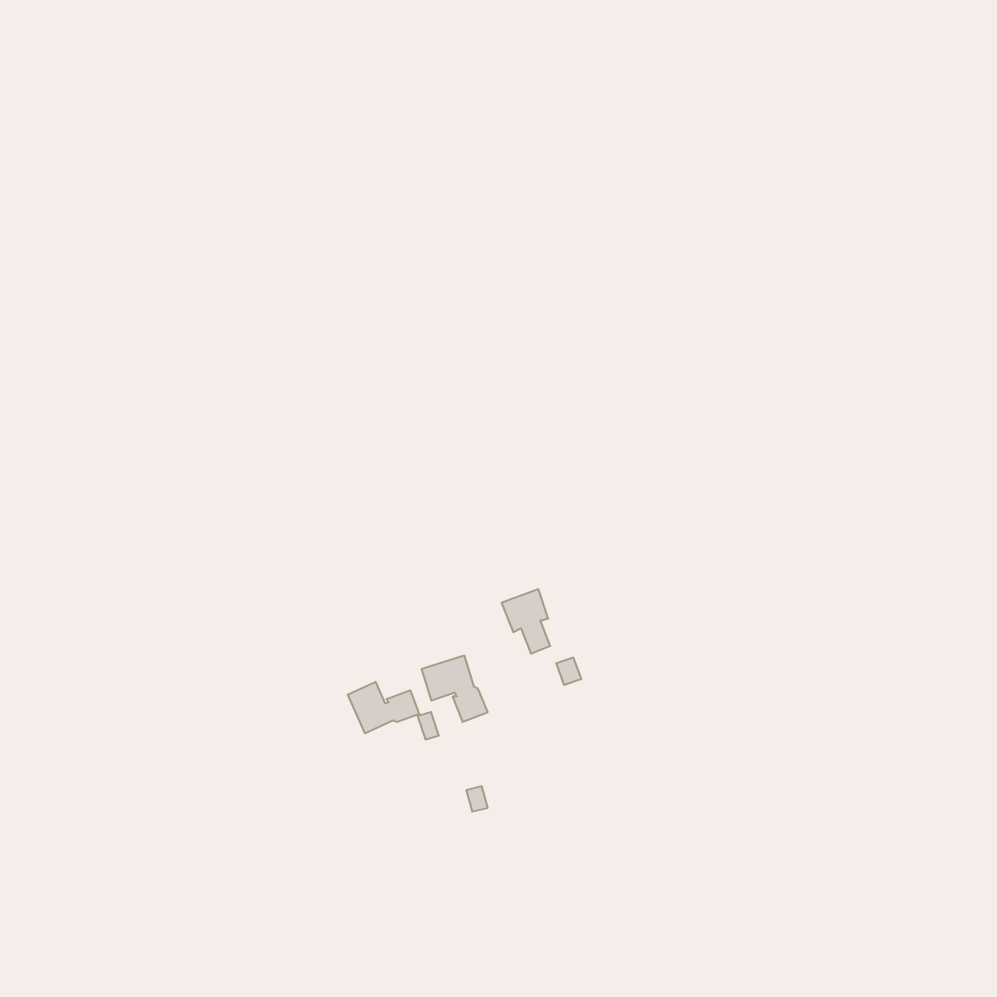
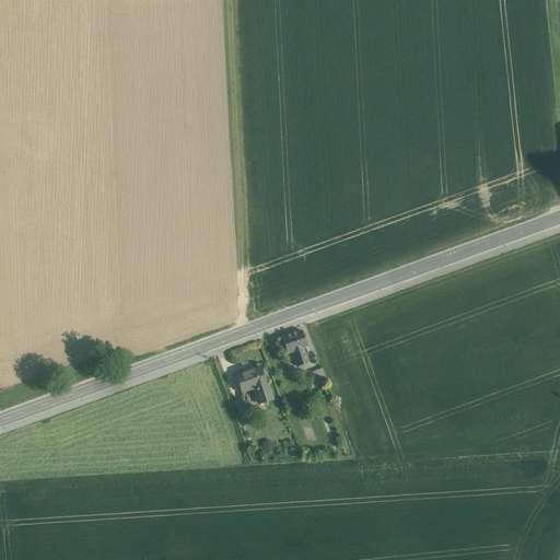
building: [348,682,419,733] -> none

